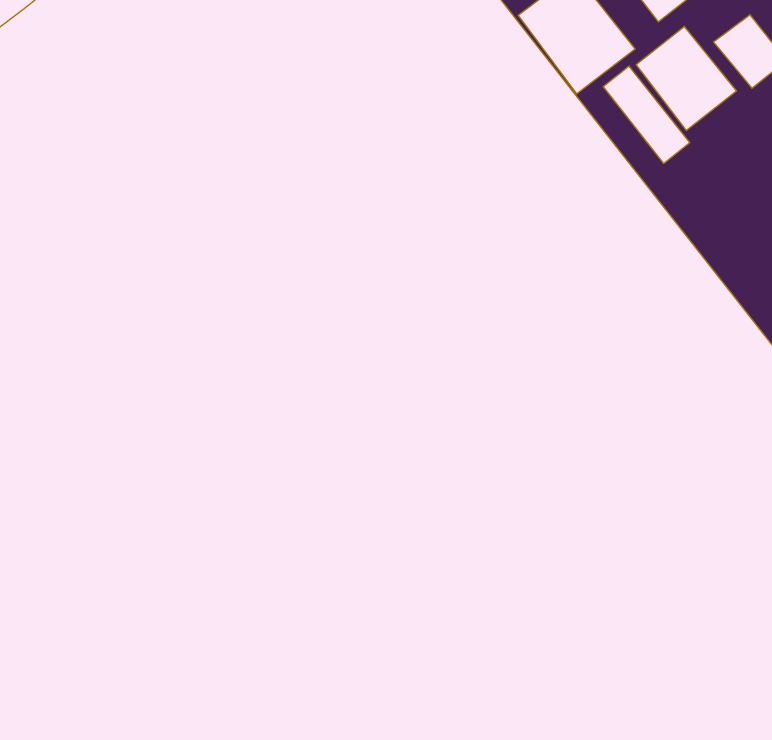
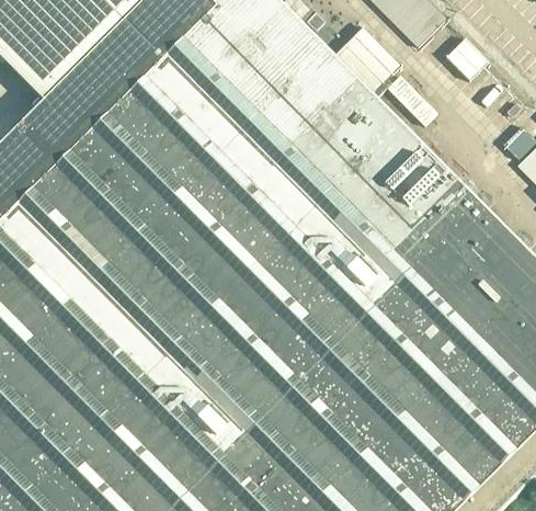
building: [636,26,736,131] -> none

